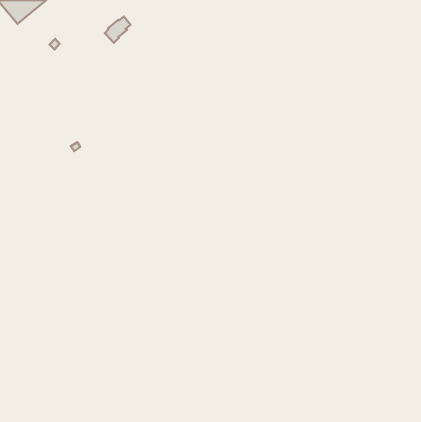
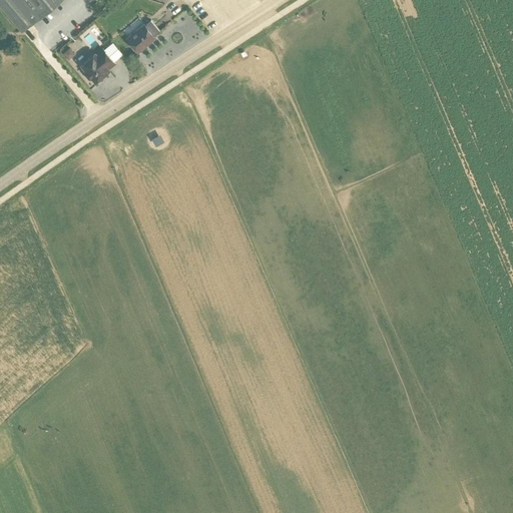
building: none -> [81,48,113,81]

